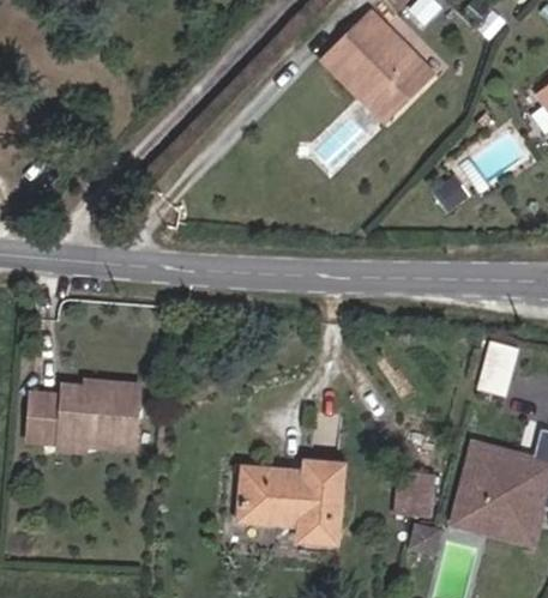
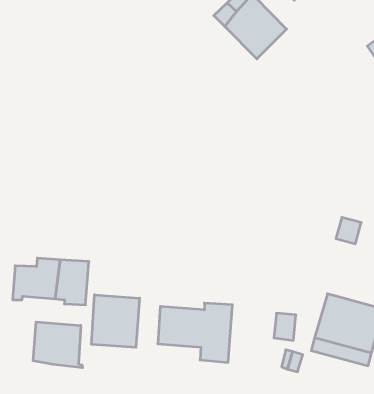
building: none -> [92,295,140,347]
building: none -> [33,322,83,368]

